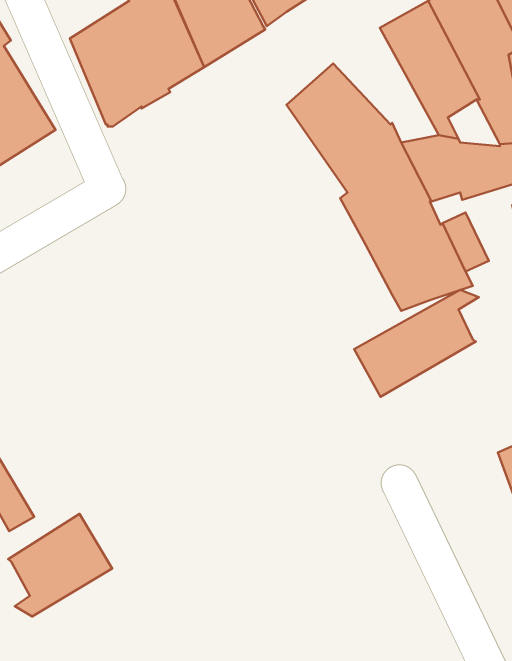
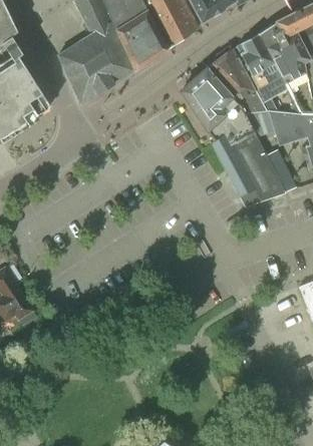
building: none -> [207,48,266,112]
building: [354,290,479,397] -> none
building: [8,514,112,617] -> none

